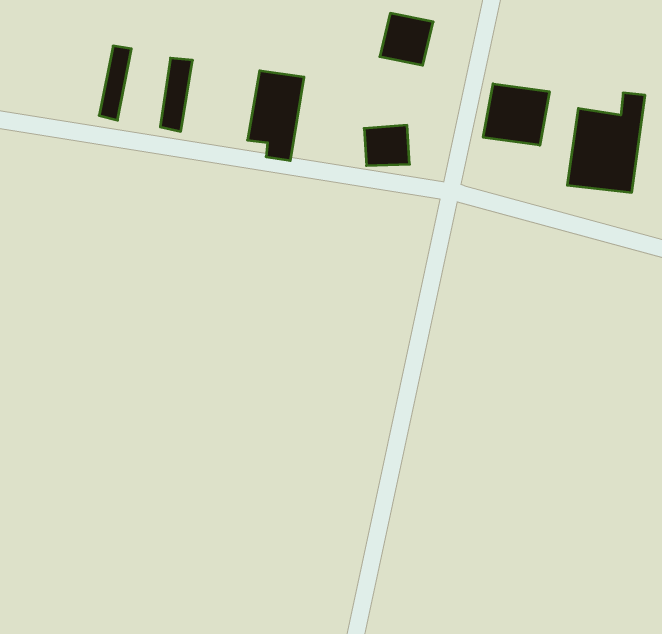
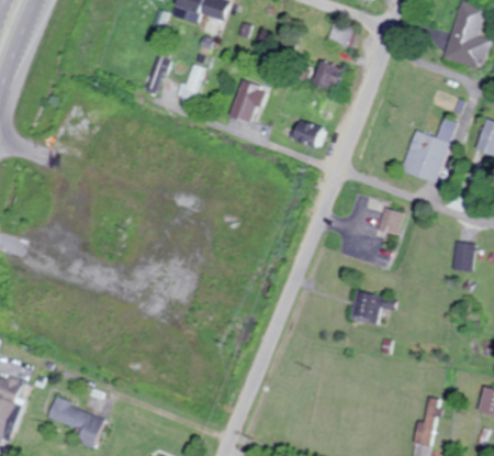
building: [483,84,549,145] -> none
building: none -> [379,207,404,234]
building: none -> [350,292,383,325]

